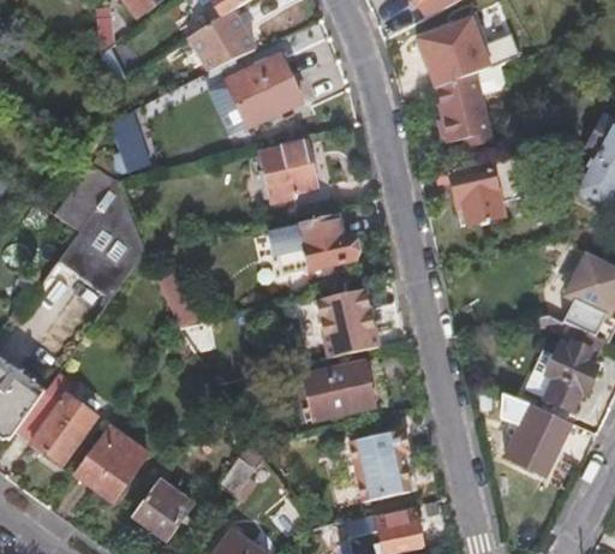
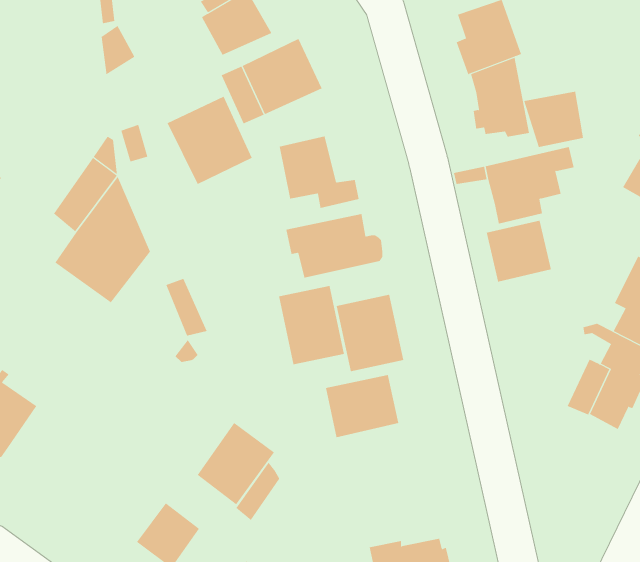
building: none -> [524,91,584,148]
building: none -> [167,96,253,185]
building: none -> [486,220,552,282]
building: none -> [279,285,344,365]
building: [17,370,97,464] -> none
building: [506,406,571,475] -> none
building: [77,425,148,501] -> [197,422,275,505]
building: [351,429,411,500] -> none

